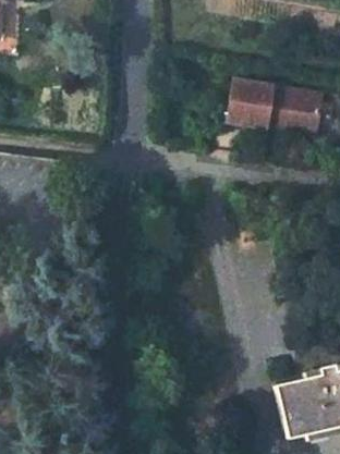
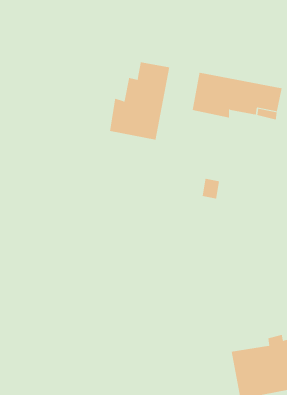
building: none -> [109,62,170,141]

